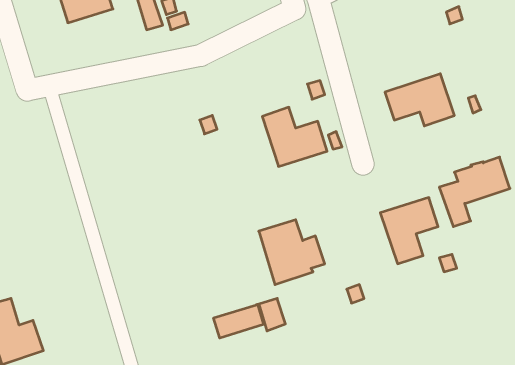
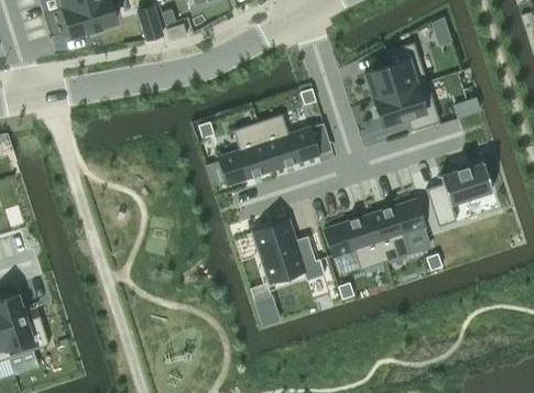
building: none -> [364,43,426,100]
building: none -> [218,123,272,186]
building: none -> [324,215,385,271]
building: [214,304,263,338] -> none

